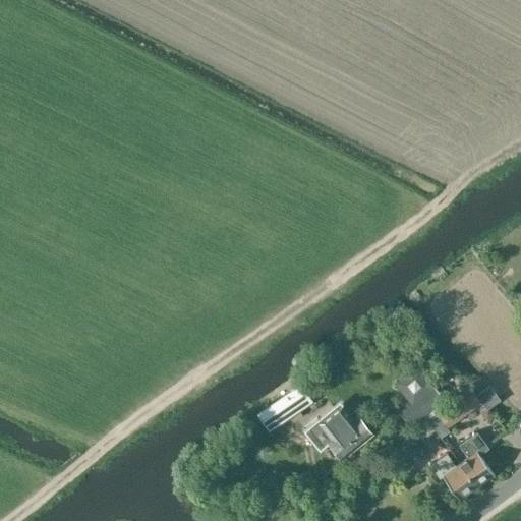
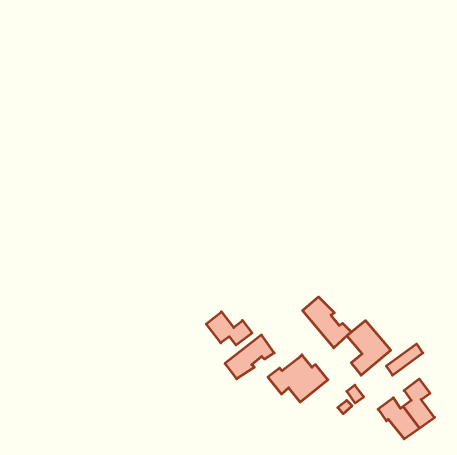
building: none -> [303,297,351,348]
building: none -> [206,312,252,345]

